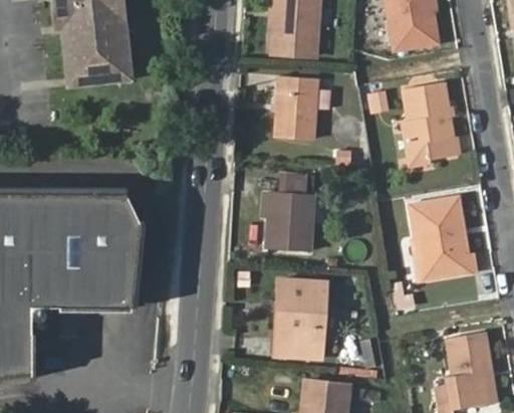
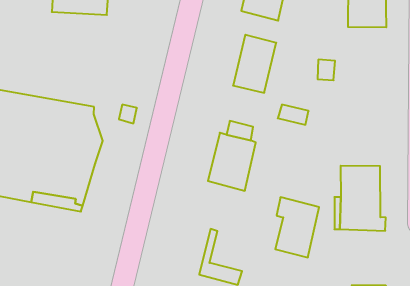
building: [404,84,455,167] -> none
building: [279,280,325,343] -> [275,197,319,257]

